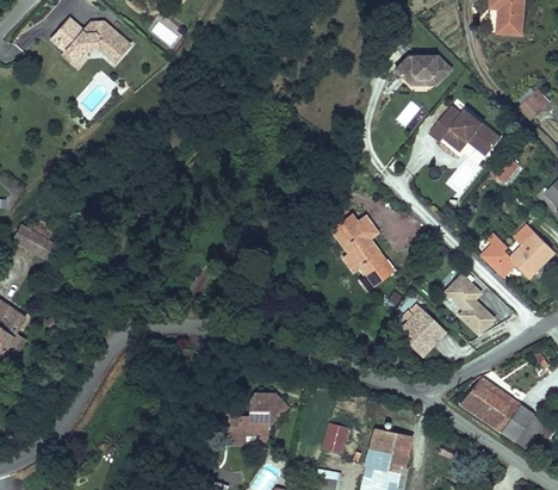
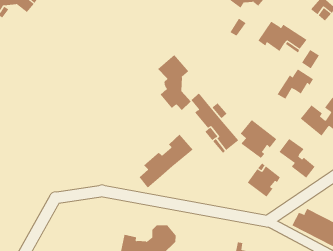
building: none -> [157,54,191,111]
building: none -> [277,68,314,100]
building: none -> [240,119,277,159]
building: none -> [139,134,193,188]

